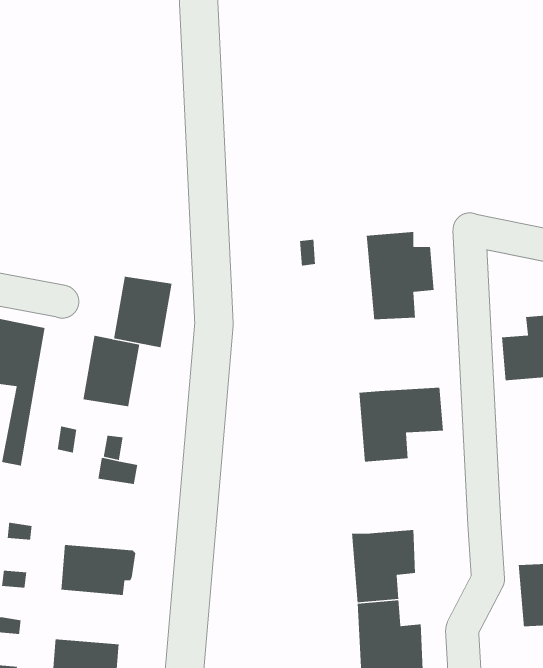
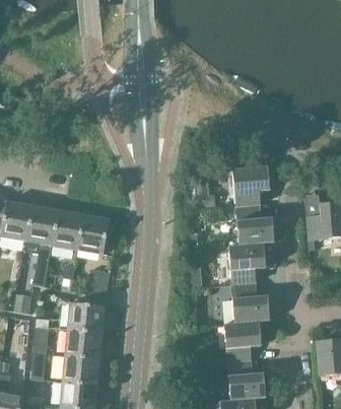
building: [113,276,172,348] -> [51,210,83,250]
building: none -> [236,205,273,245]
building: none -> [231,282,269,323]
building: none -> [67,302,105,332]
building: none -> [62,354,99,384]

